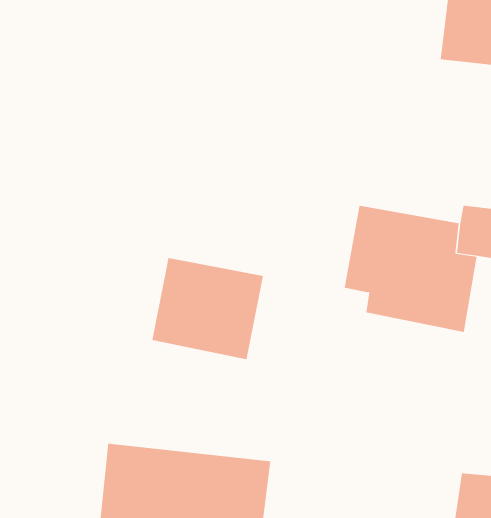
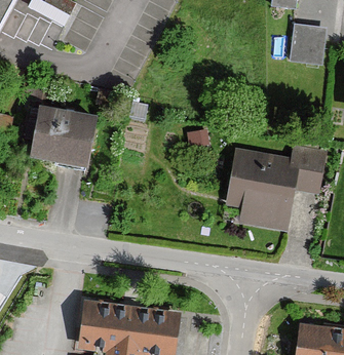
building: [151,257,264,360] -> [28,104,98,167]

